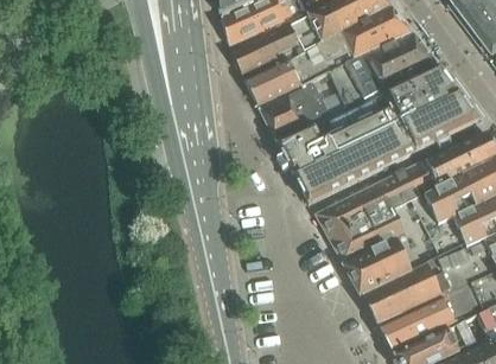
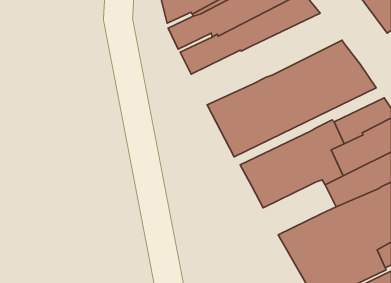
building: [329,31,437,107] -> none
building: [259,81,331,140] -> none
building: [343,229,430,294] -> none

